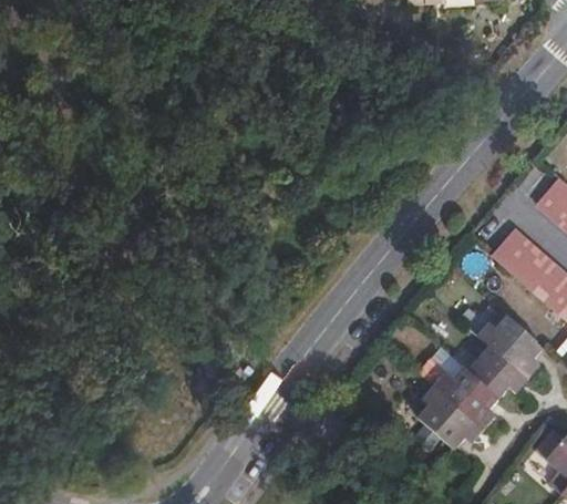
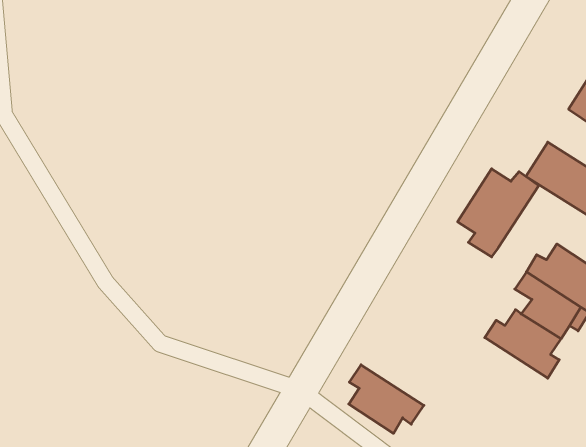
building: none -> [458,169,539,257]
building: [419,387,483,450] -> [349,365,424,433]

